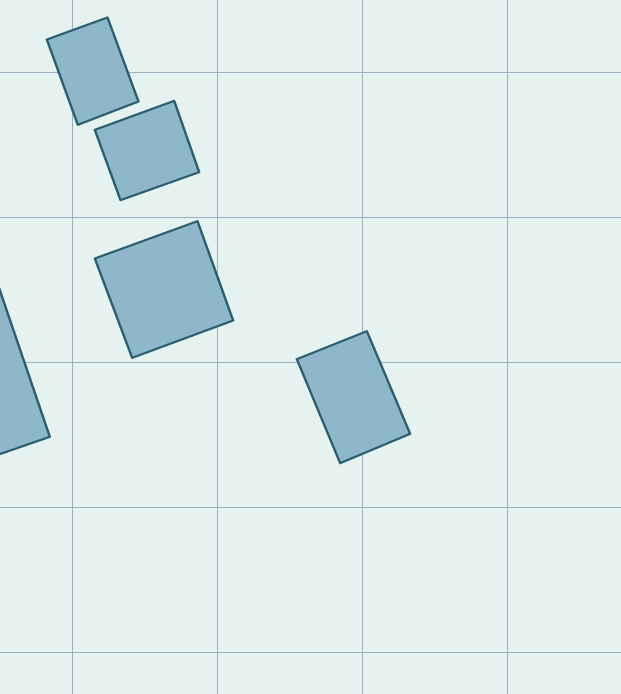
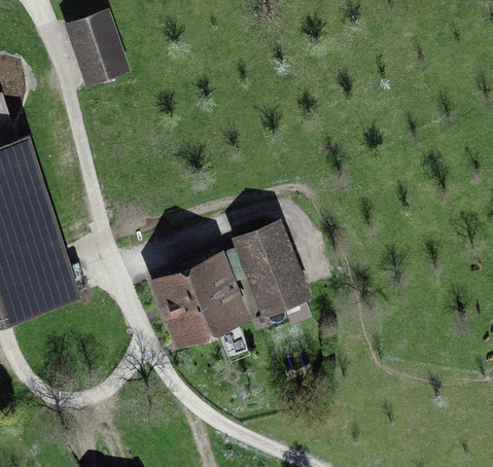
building: [95,101,199,200] -> none
building: [95,221,233,358] -> [153,255,245,346]

